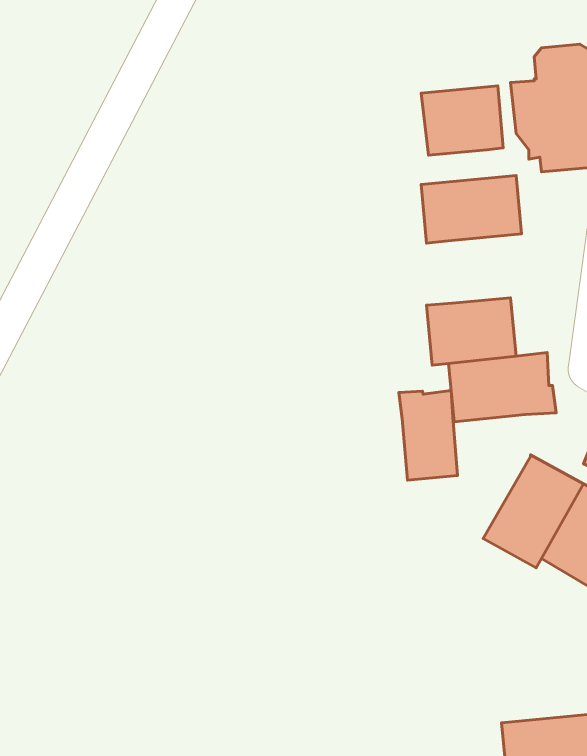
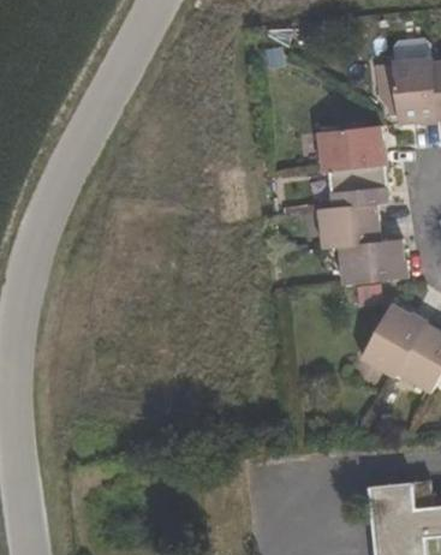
building: [421,86,503,155] -> [333,162,387,208]
building: [399,390,458,480] -> none

